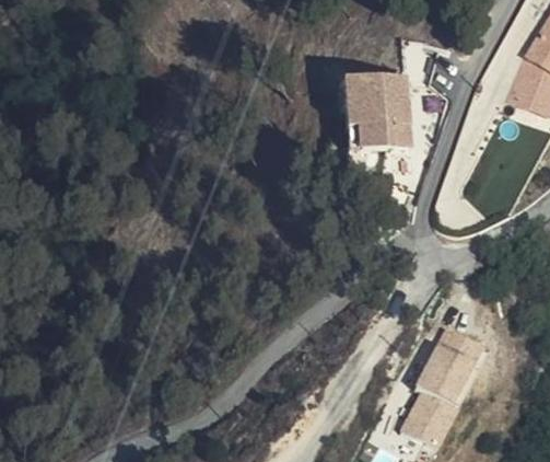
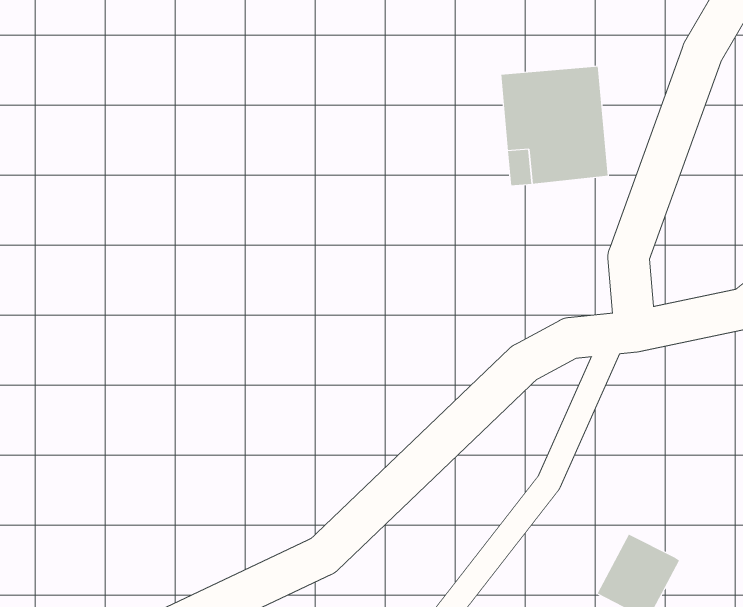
building: [418,321,485,399] -> none

